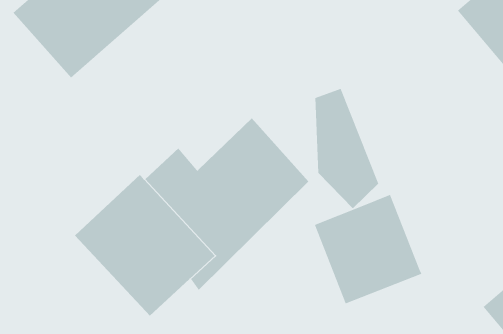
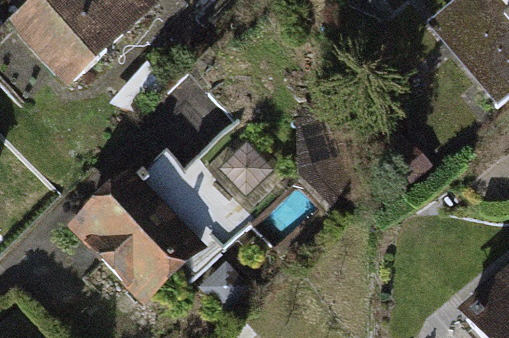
building: [314,194,422,304] -> none

